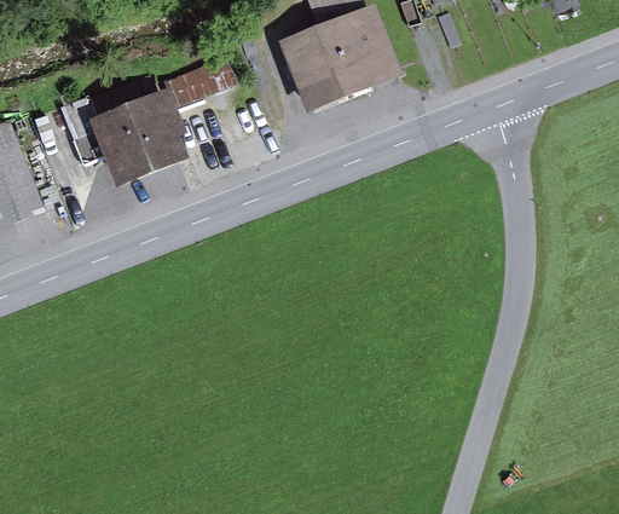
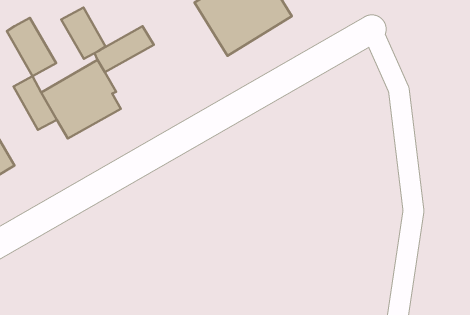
building: none -> [61,7,105,59]
building: none -> [7,18,56,76]

